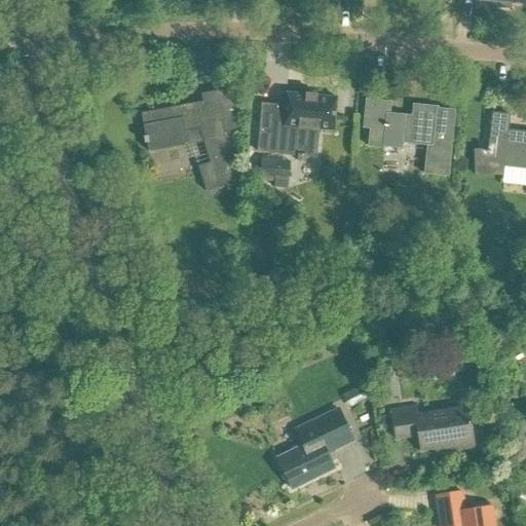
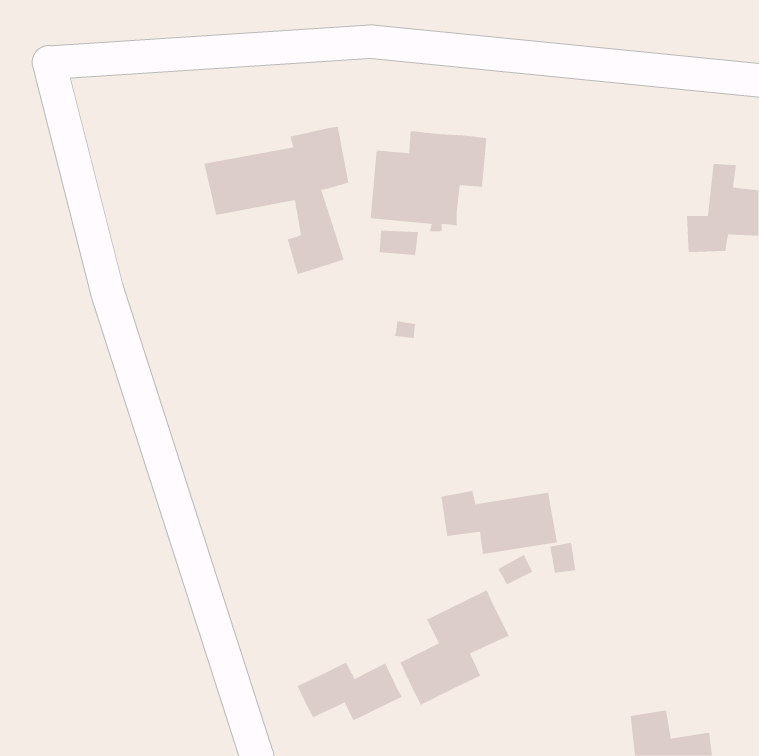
building: [363,99,457,177] -> none
building: [391,406,473,450] -> [440,491,558,554]
building: none -> [297,662,402,721]

